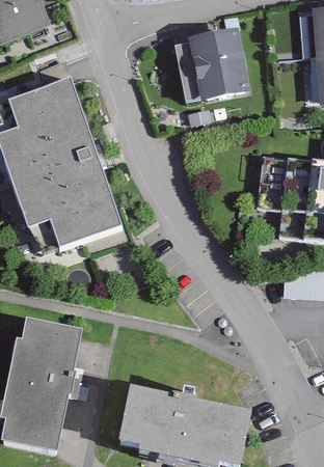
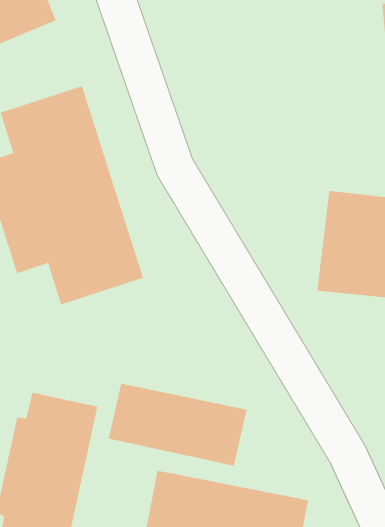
building: [176,28,250,107] -> none
building: none -> [108,383,247,467]

